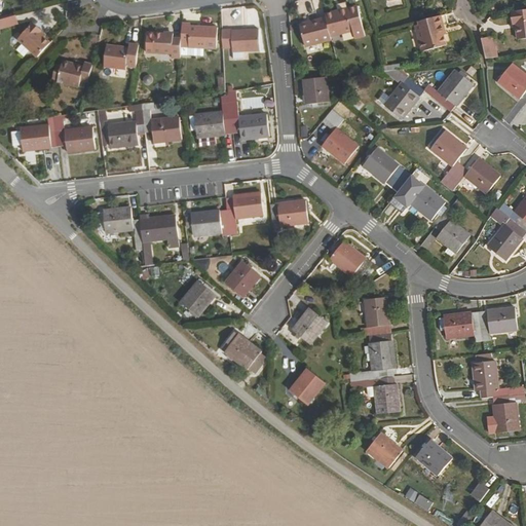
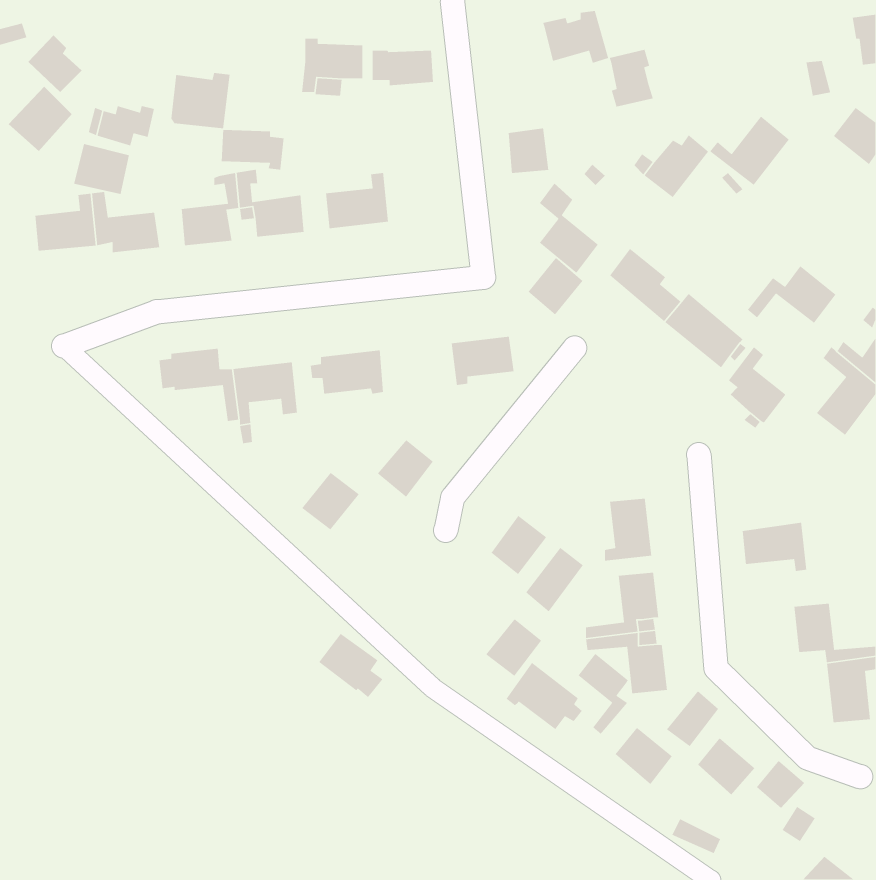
building: [417,14,444,49] -> [609,49,654,107]
building: [299,16,330,45] -> none
building: [144,32,182,57] -> [221,129,285,170]
building: none -> [8,86,72,152]
building: none -> [73,143,130,195]
building: [229,102,269,139] -> none
building: [430,130,465,185] -> none
building: none -> [527,257,584,316]
building: [225,192,263,234] -> none
building: [330,241,371,276] -> none
building: [479,307,517,340] -> none
building: none -> [525,547,584,613]
building: [224,334,263,373] -> [318,633,384,698]
building: none -> [577,653,629,735]
building: none -> [505,662,583,730]
building: none -> [666,690,719,747]
building: none -> [756,760,805,809]

